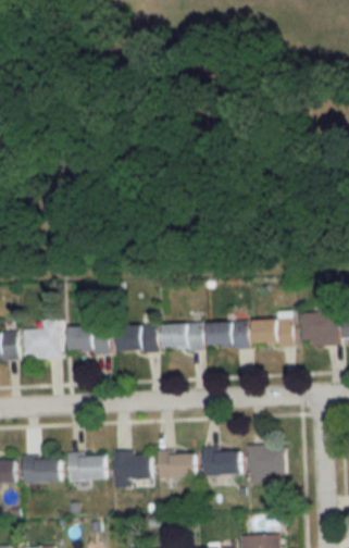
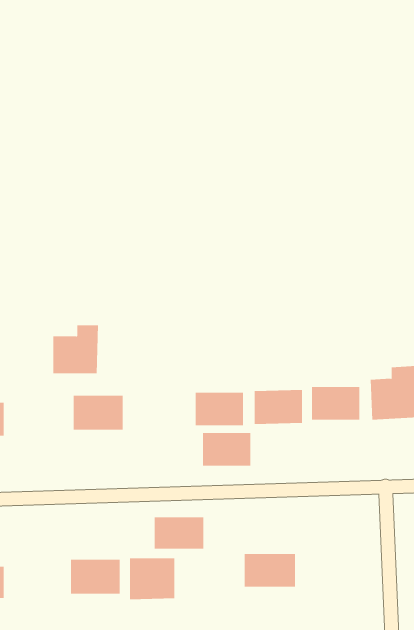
building: [23,320,59,358] -> [53,325,99,374]
building: [119,325,157,351] -> [202,433,251,466]
building: [248,445,283,481] -> none
building: [158,452,197,477] -> [154,517,204,549]
building: [22,457,61,483] -> none

